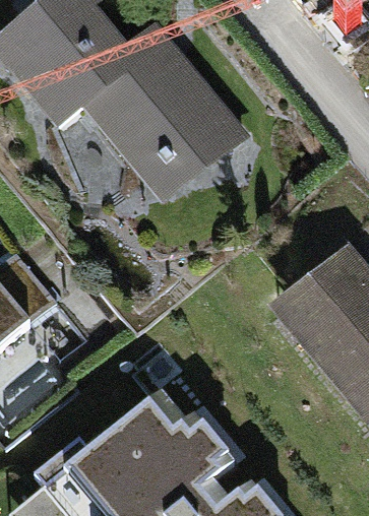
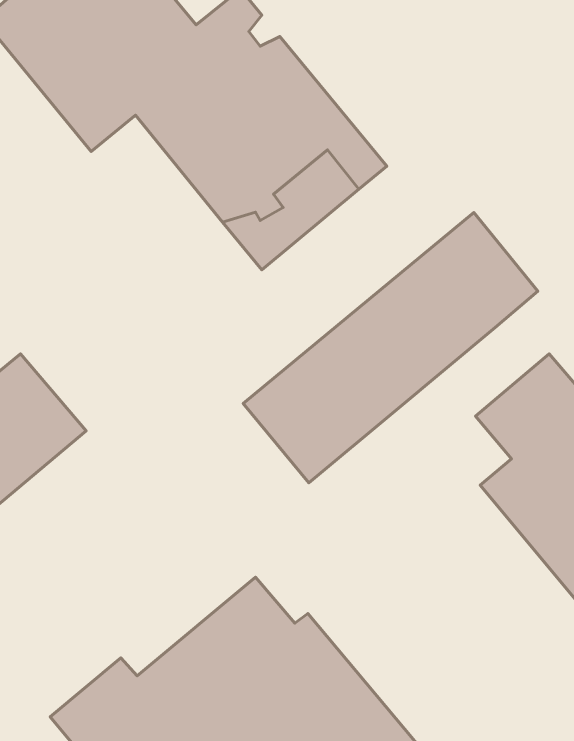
building: none -> [243,212,538,483]

